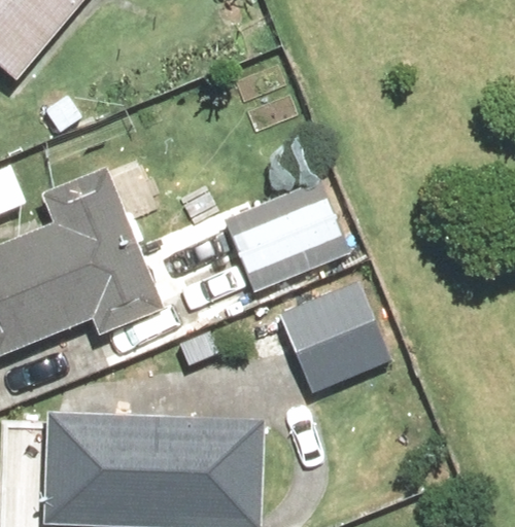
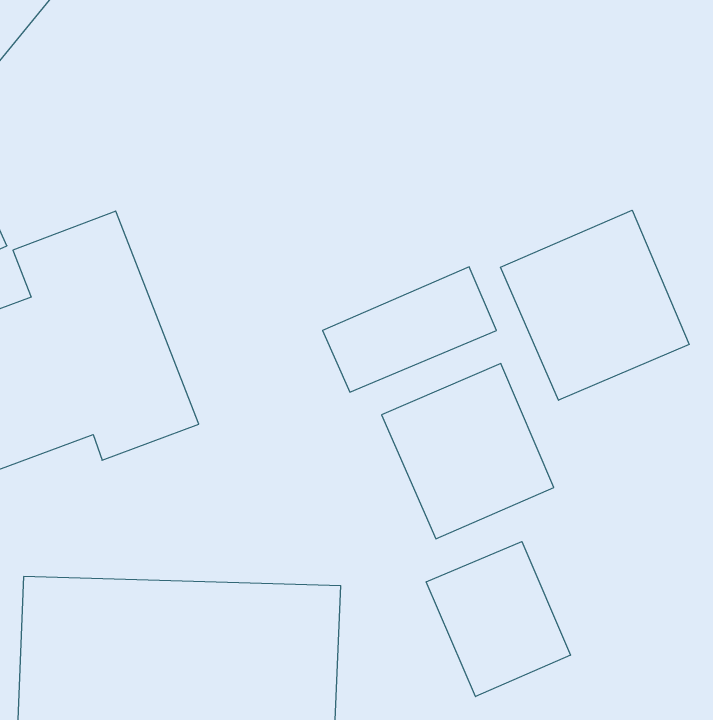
building: none -> [501,210,689,400]
building: none -> [426,542,570,697]

